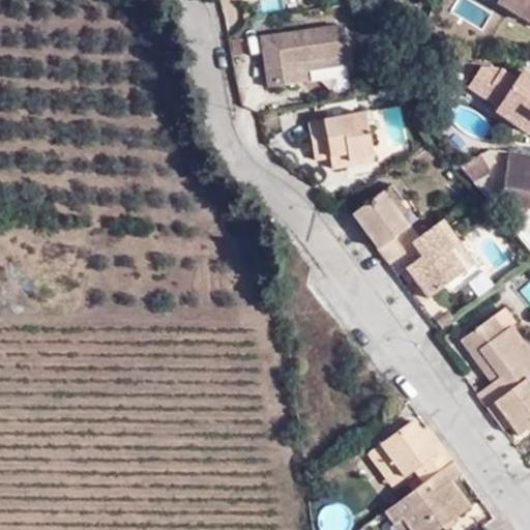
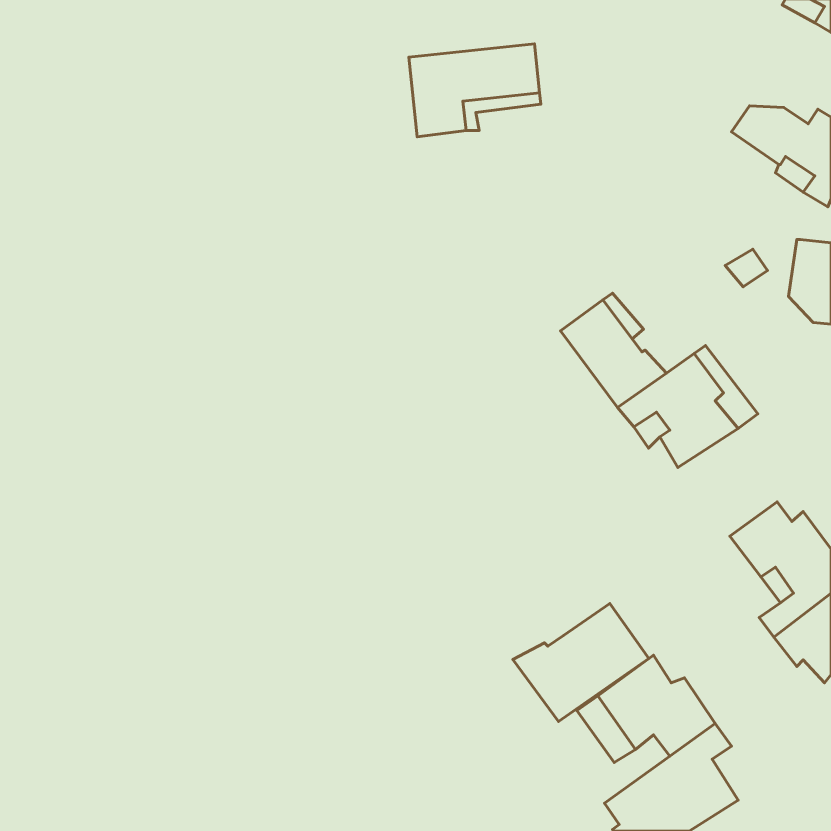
building: [314,115,376,167] -> none
building: none -> [513,603,649,721]

